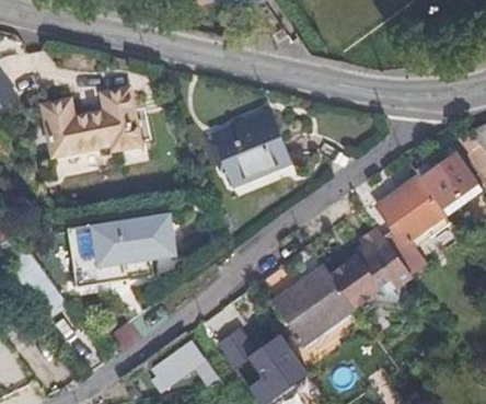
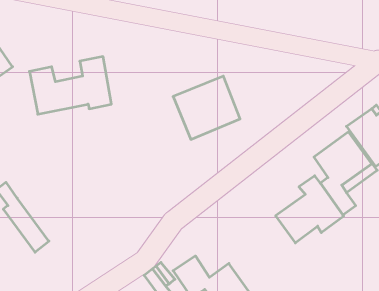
building: [74,210,184,289] -> none
building: [271,266,354,344] -> none

